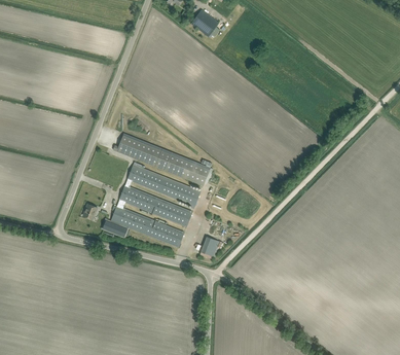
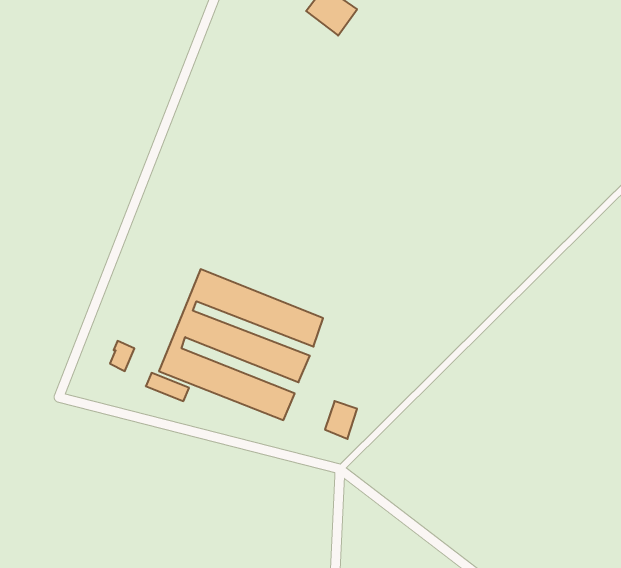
building: [113,132,211,185] -> none

